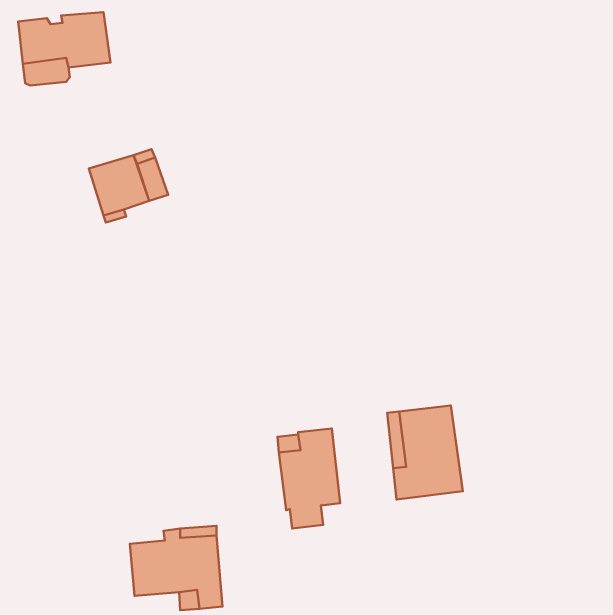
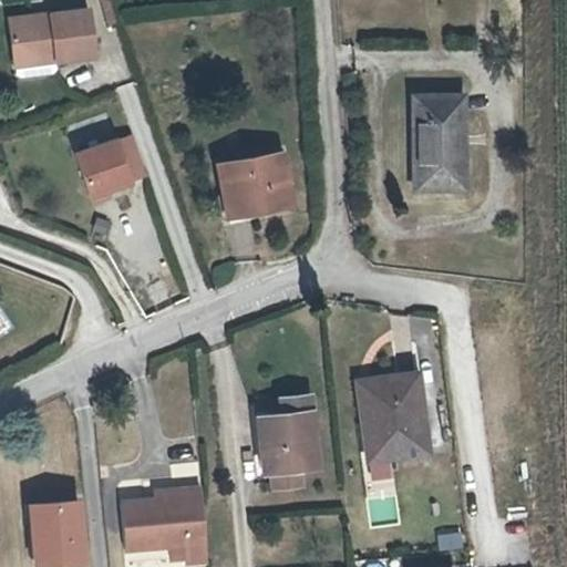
building: none -> [411,102,462,195]
building: none -> [217,154,291,214]
building: none -> [38,499,85,555]

